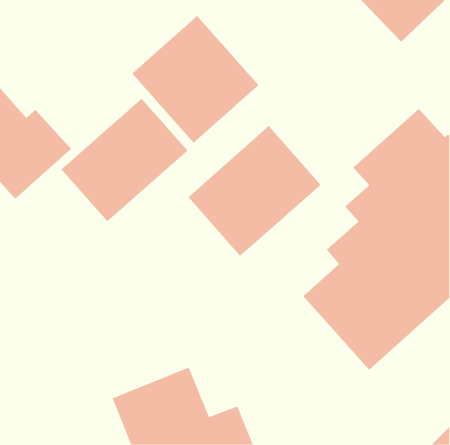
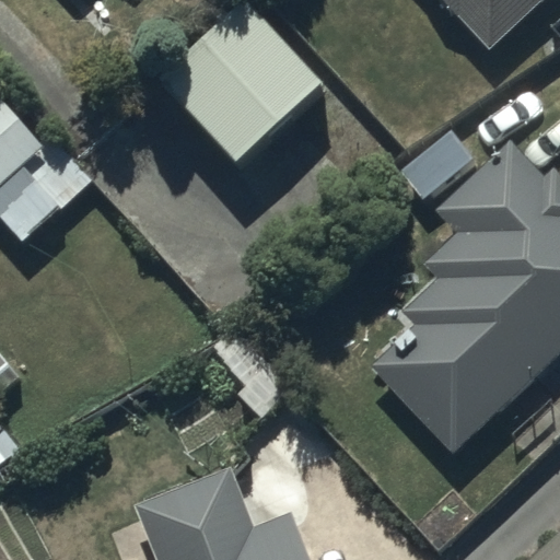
building: [61,98,188,222] -> none
building: [188,125,321,257] -> none

